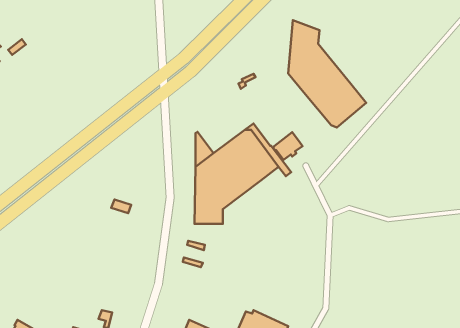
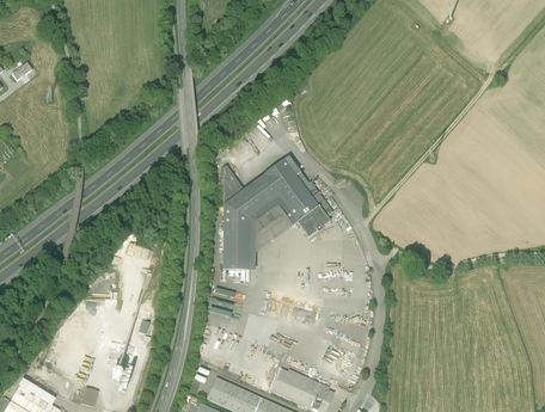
building: [288,20,366,128] -> none
building: [273,132,303,160] -> [296,205,330,236]

